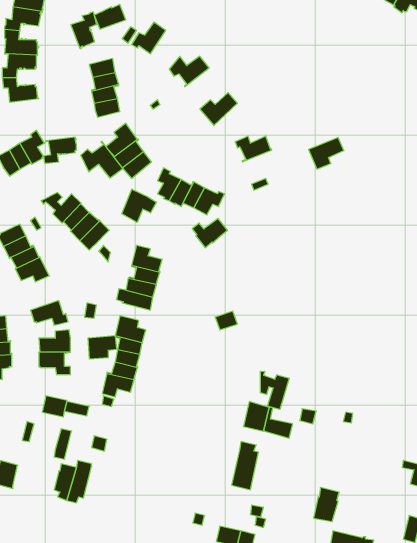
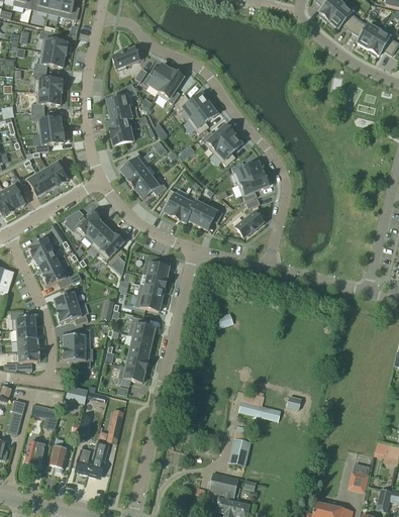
building: [71,12,97,49] -> none
building: none -> [158,70,183,103]
building: none -> [188,103,216,133]
building: none -> [213,133,241,166]
building: [43,137,76,163] -> [35,129,64,151]
building: [309,138,344,169] -> [237,174,268,201]
building: [81,141,123,178] -> none
building: [122,189,157,222] -> none
building: [192,218,227,248] -> [232,212,263,237]
building: none -> [54,285,80,311]
building: [88,336,116,359] -> none
building: [260,371,289,409] -> none
building: none -> [48,438,68,472]
building: [313,488,339,522] -> [347,462,370,492]
building: none -> [209,471,237,496]

